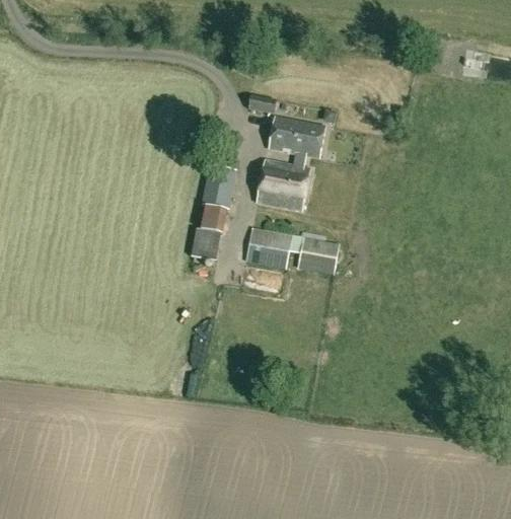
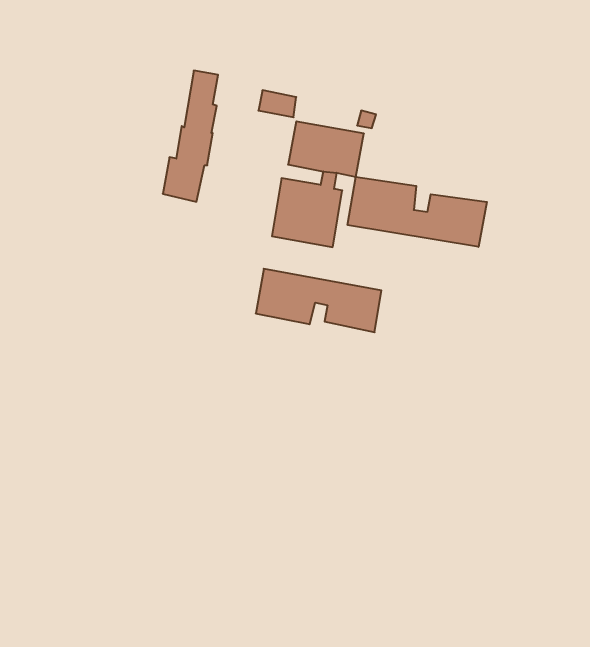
building: none -> [348,177,487,247]
building: [190,163,231,262] -> [163,71,218,202]

